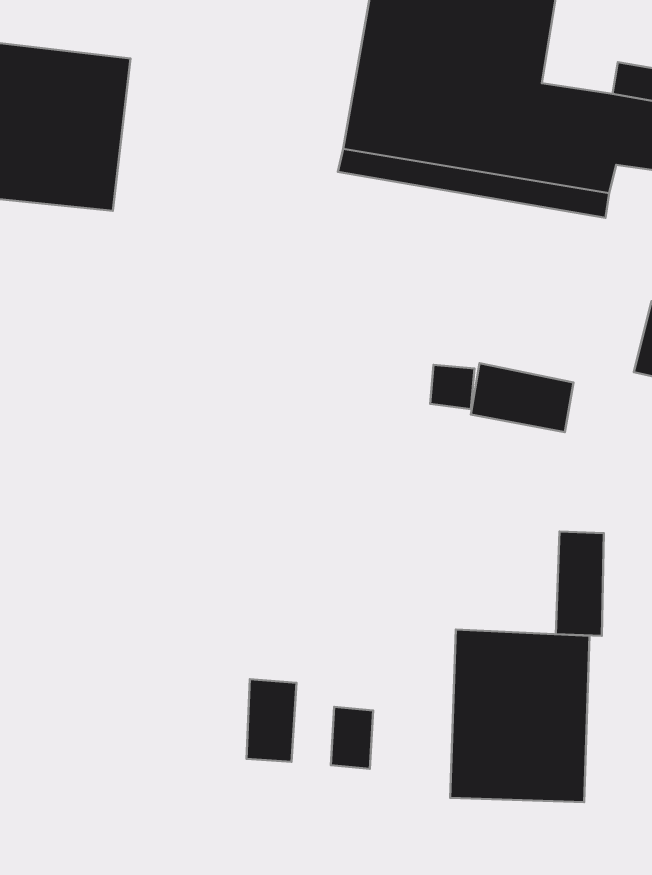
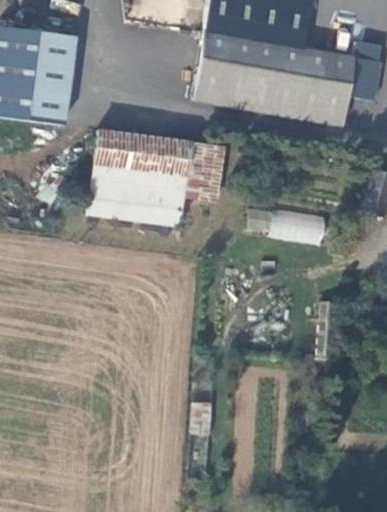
building: none -> [90,131,226,223]
building: [450,630,590,802] -> none
building: [247,679,296,762] -> none

